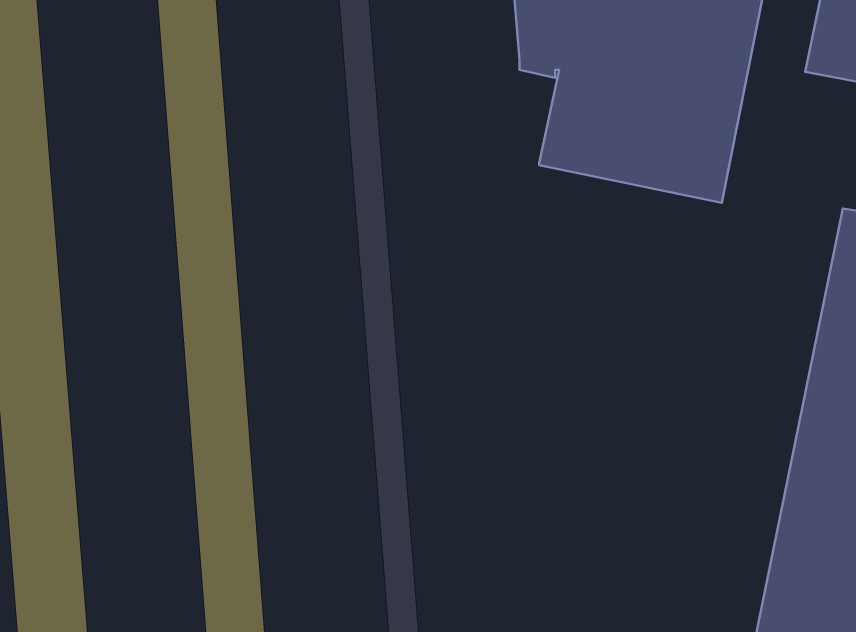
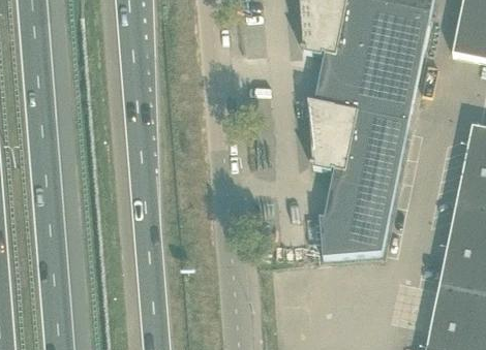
building: none -> [308,98,409,255]

